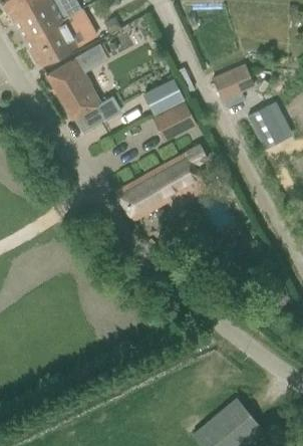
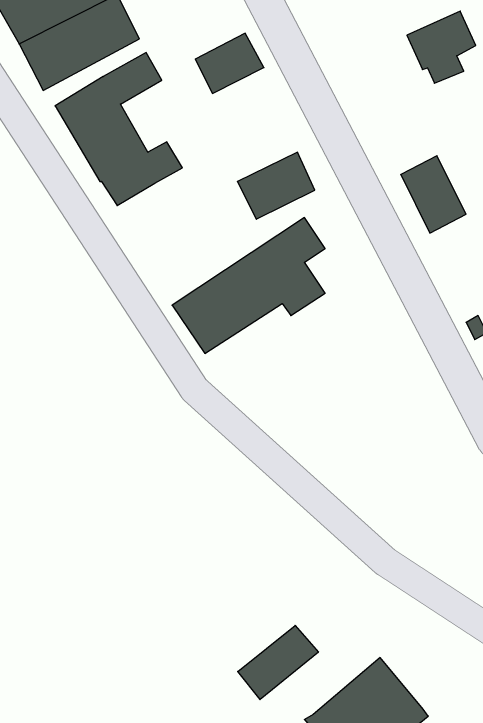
building: [214,66,254,108] -> [407,11,476,83]
building: [144,80,185,116] -> [195,33,264,93]
building: none -> [238,625,318,700]

